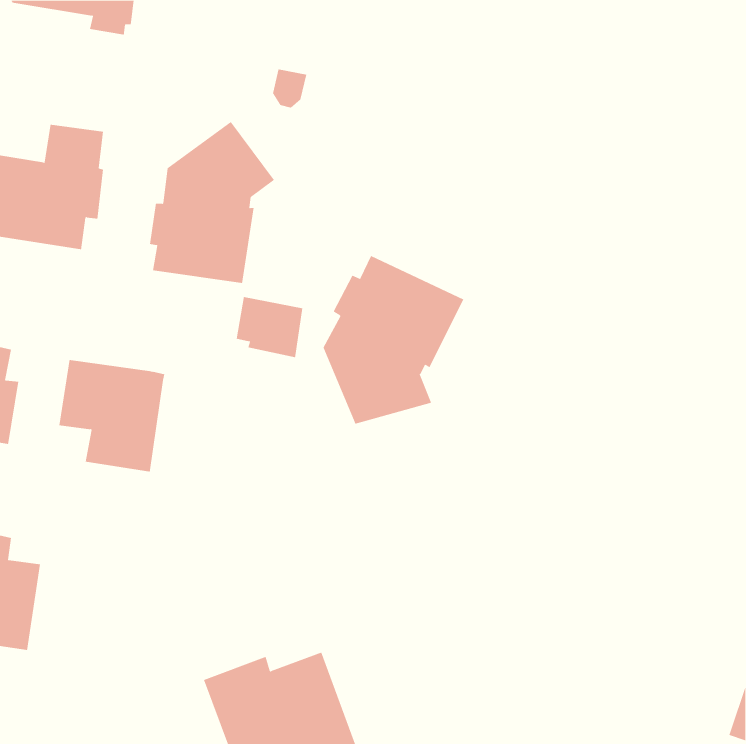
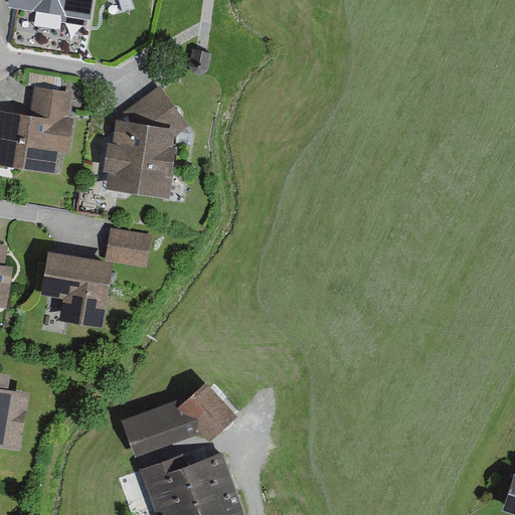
building: [323,255,464,425] -> none
building: [236,296,303,358] -> [105,228,151,271]
building: none -> [121,380,238,457]

